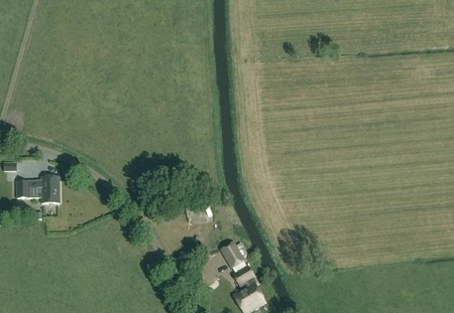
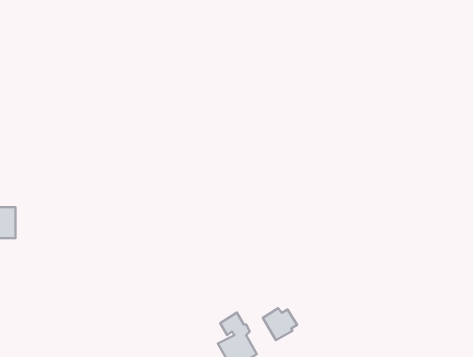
building: [220,242,249,269] -> [263,308,297,340]

